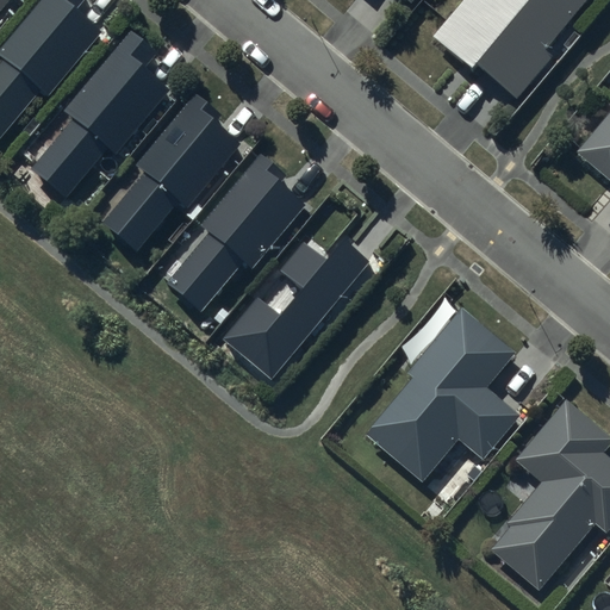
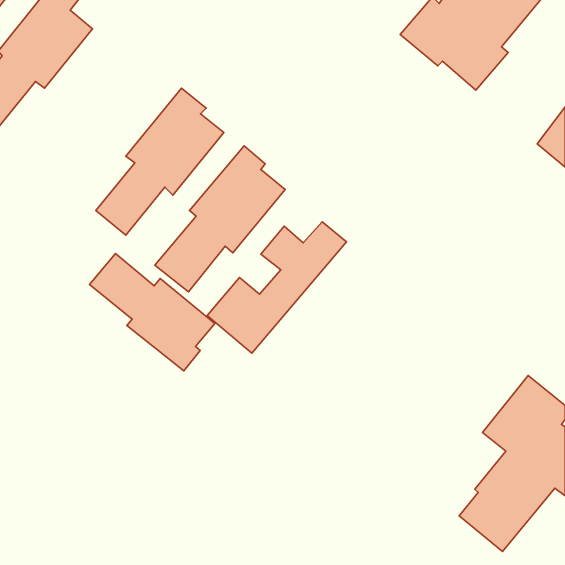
building: [33,33,170,195] -> none
building: none -> [89,253,215,371]
building: [365,306,519,480] -> none

